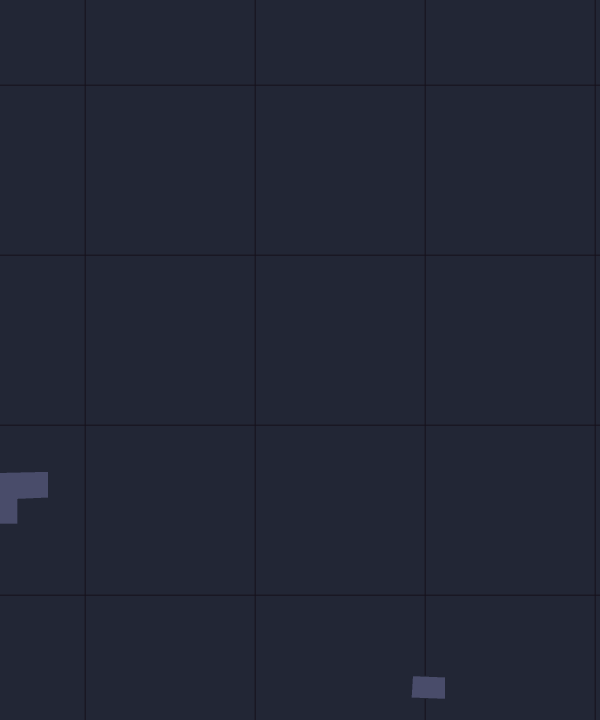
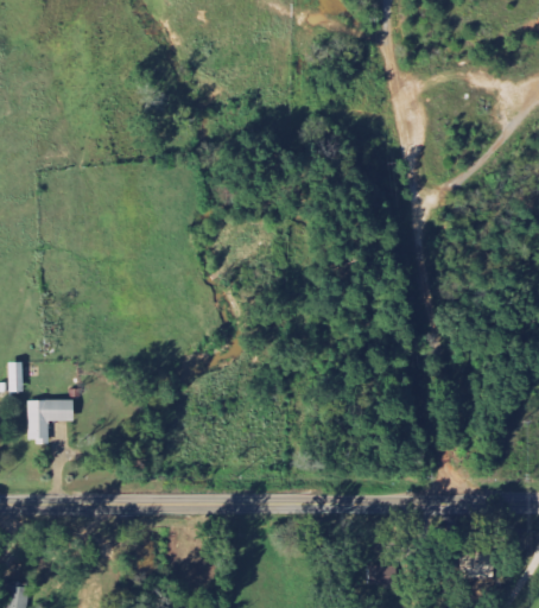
building: none -> [459,553,493,578]

